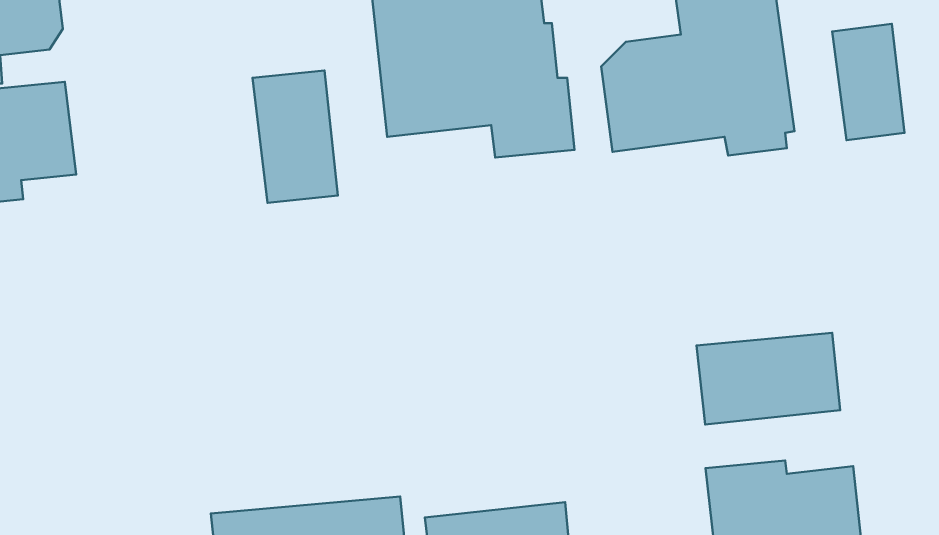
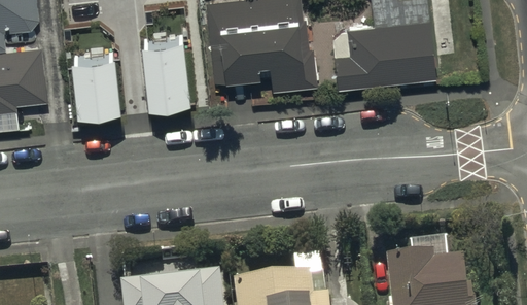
building: [832,24,905,140] -> none
building: none -> [72,57,118,122]
building: [696,333,840,425] -> none

